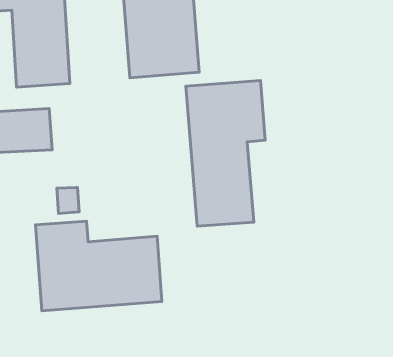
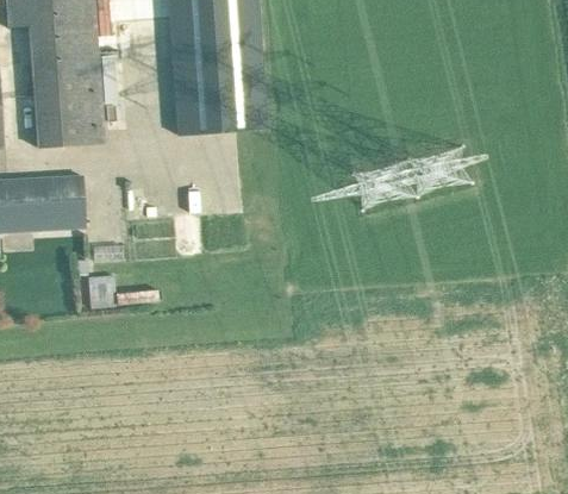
building: [186,80,265,226] -> none
building: [35,221,162,311] -> none

